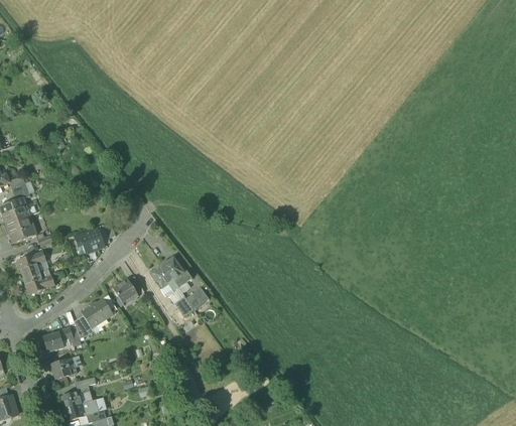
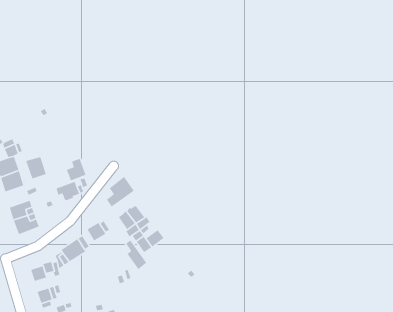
building: none -> [25,156,47,180]
building: none -> [66,158,86,181]
building: none -> [106,176,135,208]
building: none -> [125,240,147,270]

